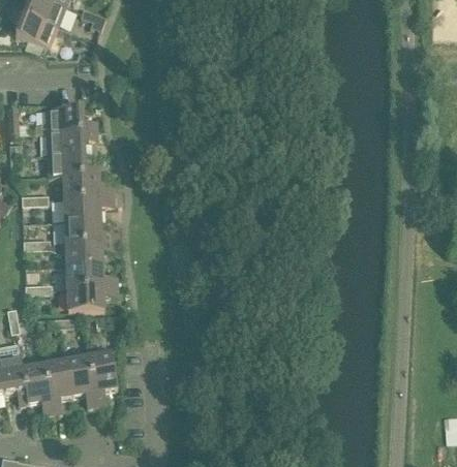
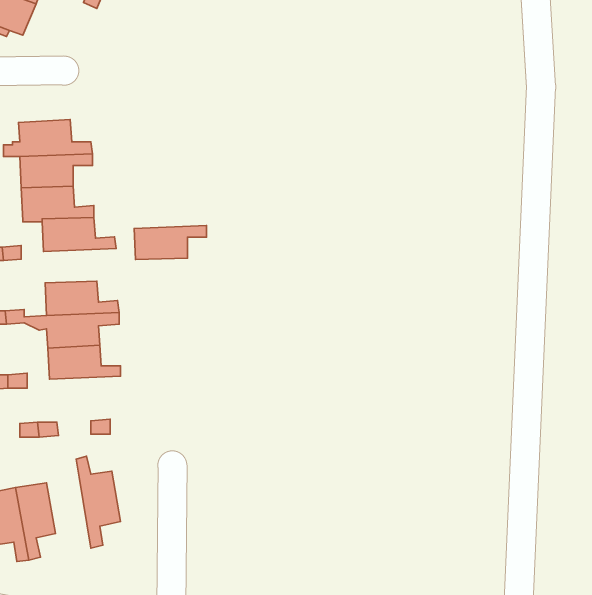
building: [63,197,114,221] -> [134,225,207,260]
building: [67,286,118,312] -> none
building: [65,356,96,407] -> none

